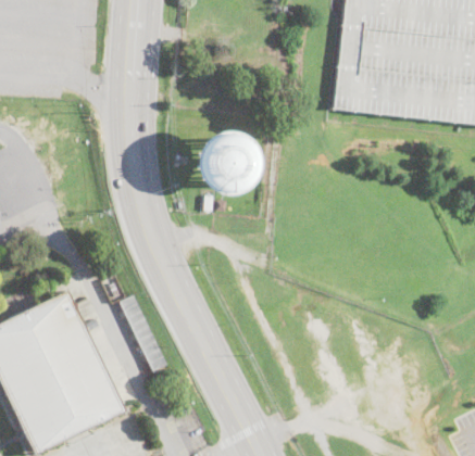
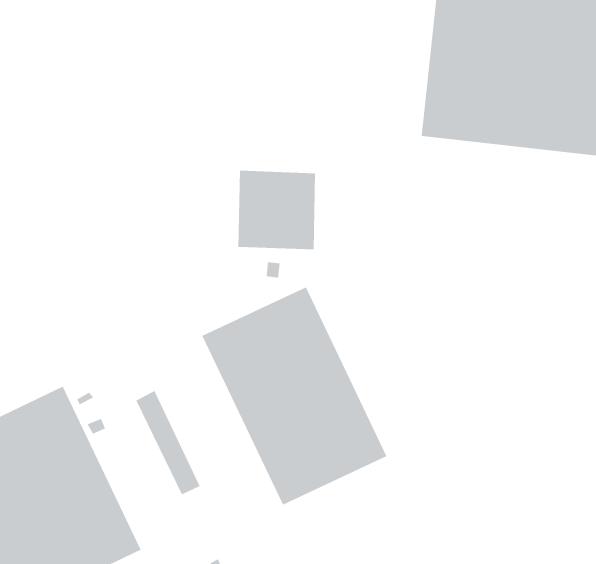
building: none -> [202,286,387,506]

